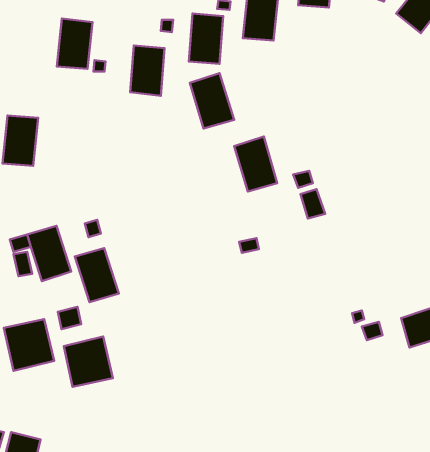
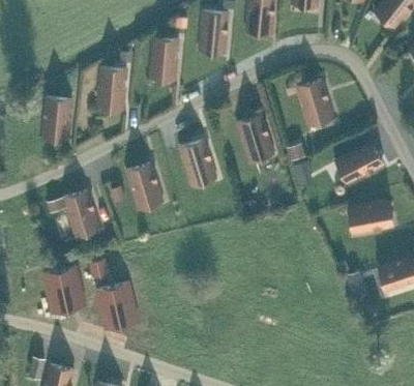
building: [57,19,92,69] -> [96,68,126,111]
building: [190,73,234,128] -> [179,141,216,187]
building: none -> [296,81,332,127]
building: none -> [334,143,383,185]
building: none -> [348,203,392,236]
building: [75,248,119,302] -> [125,165,162,210]

